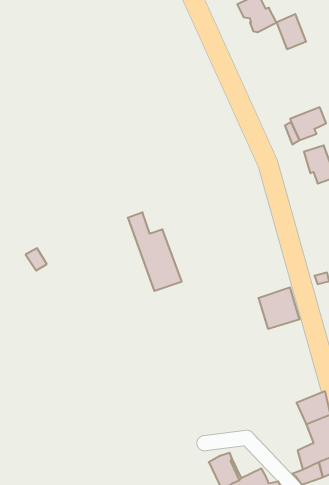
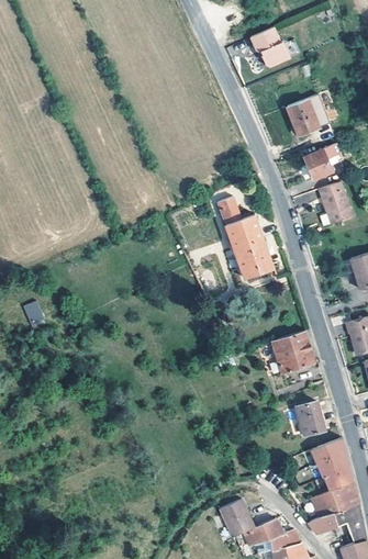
building: [276,14,306,49] -> [288,99,319,135]
building: [128,212,182,291] -> [218,198,274,279]
building: none -> [295,401,324,436]

